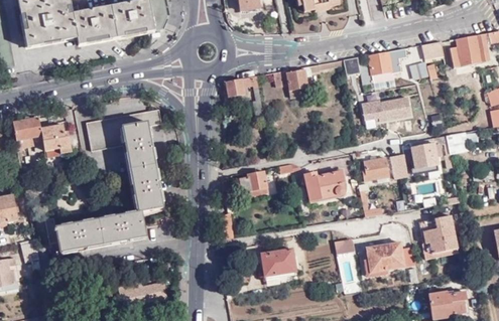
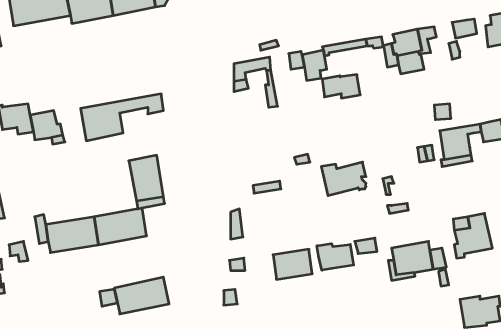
building: [362,99,396,120] -> [322,75,360,98]
building: [122,120,155,168] -> none
building: [362,156,388,179] -> none
building: [240,169,267,190] -> none
building: none -> [317,244,354,270]

